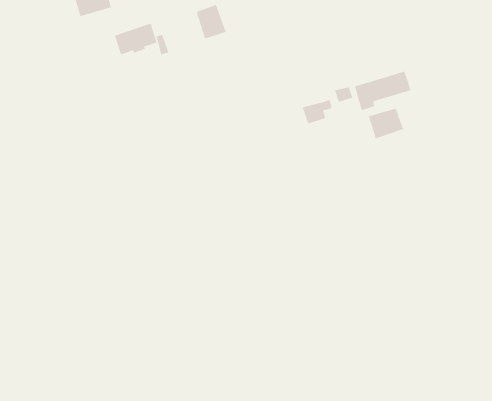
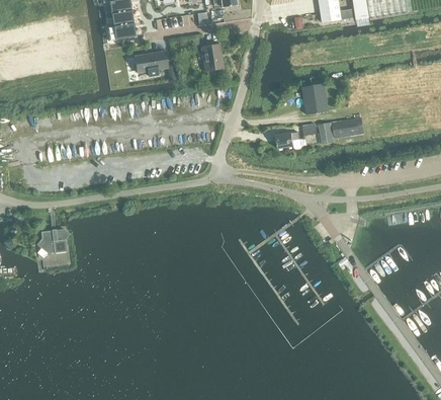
building: none -> [302,82,329,112]
building: [368,108,404,139] -> none
building: none -> [36,228,70,251]

